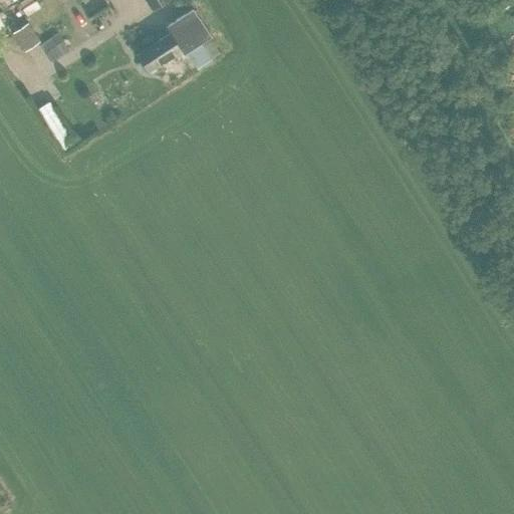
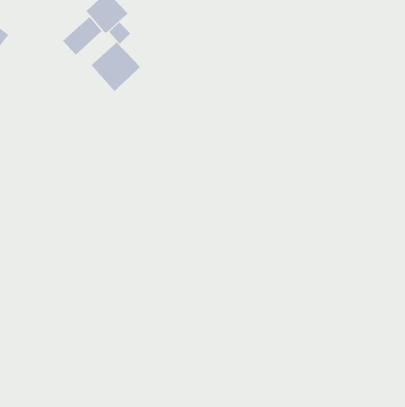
building: none -> [91,42,141,92]

